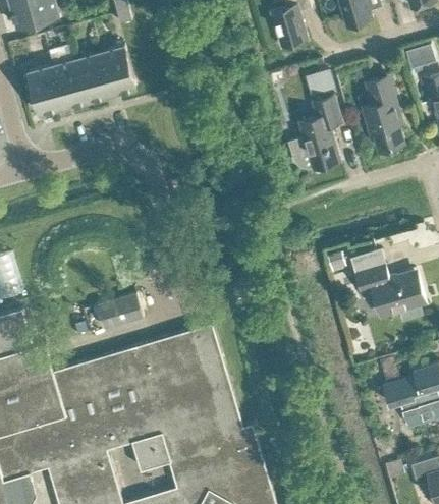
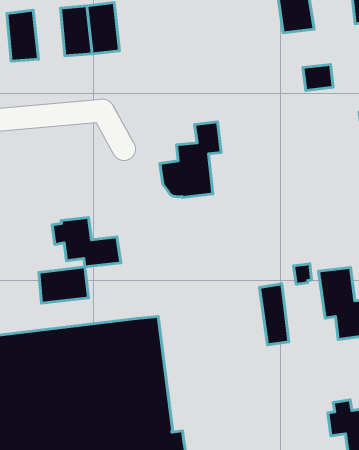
building: [51,59,87,109] -> none
building: [287,95,341,169] -> [160,122,221,198]
building: none -> [52,218,121,267]
building: none -> [260,284,289,345]

